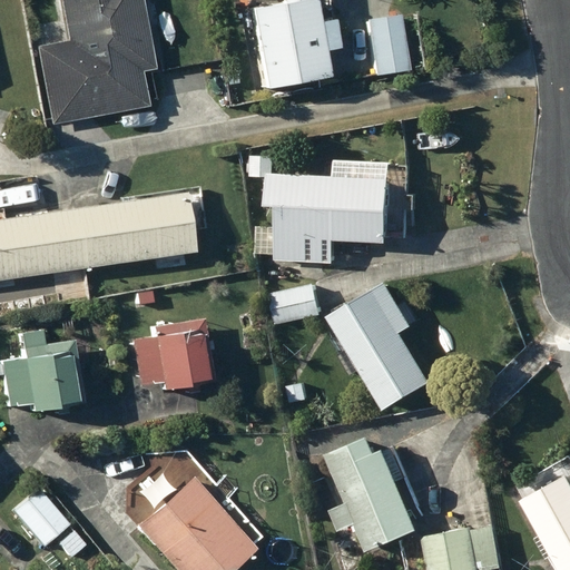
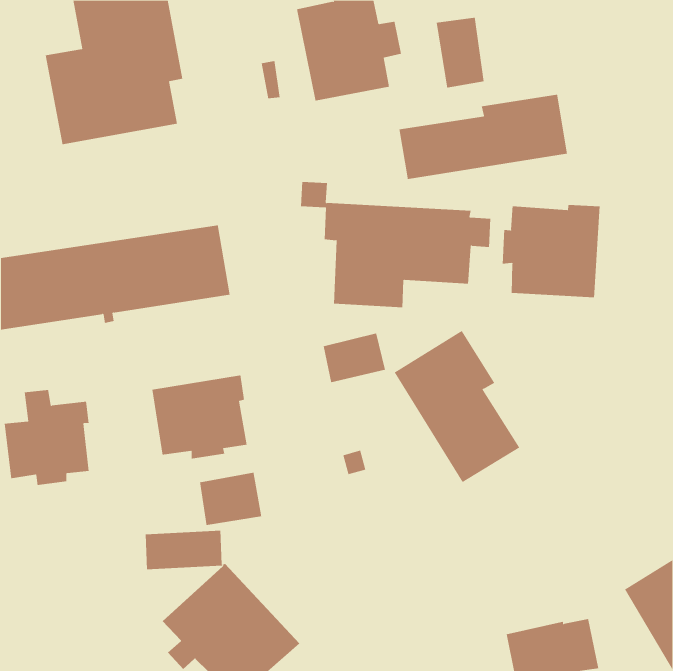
building: none -> [399,94,567,180]
building: none -> [502,204,600,298]
building: none -> [199,472,262,526]
building: [326,436,425,550] -> none
building: [12,489,88,559] -> none

